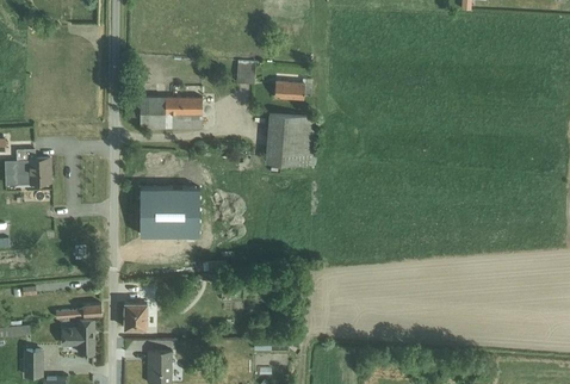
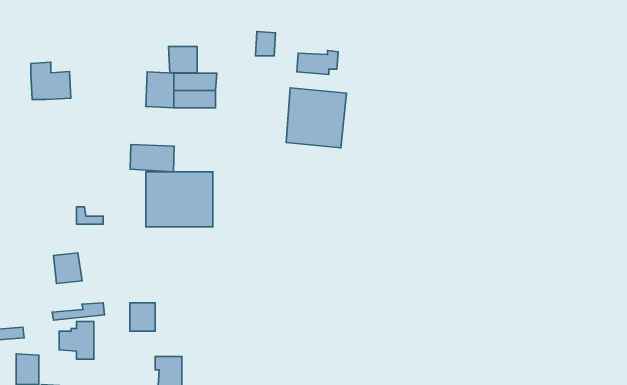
building: none -> [169,47,197,73]
building: [14,150,50,184] -> [31,62,71,100]
building: none -> [130,144,174,172]
building: none -> [54,253,82,283]

